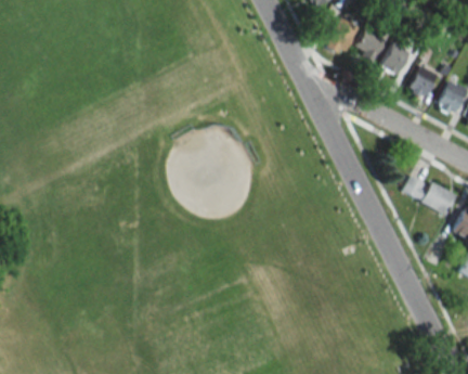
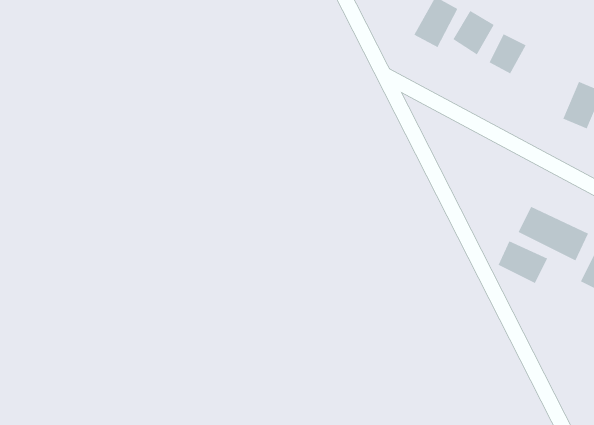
building: [407,65,438,101] -> none
building: none -> [498,241,548,284]

